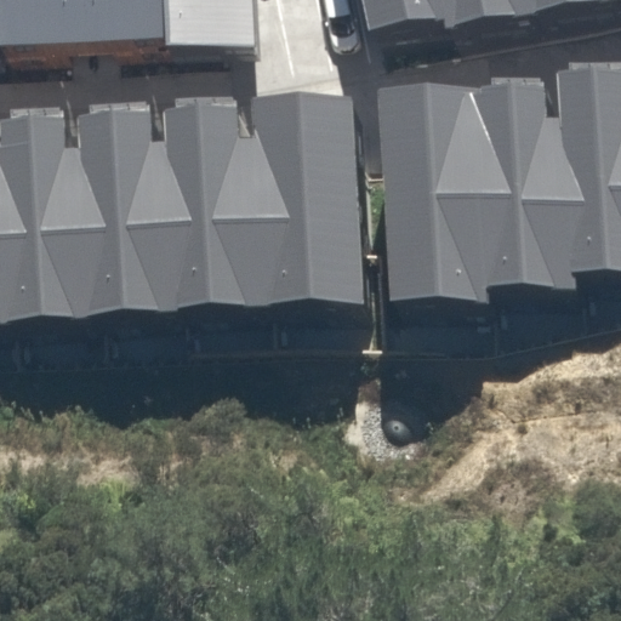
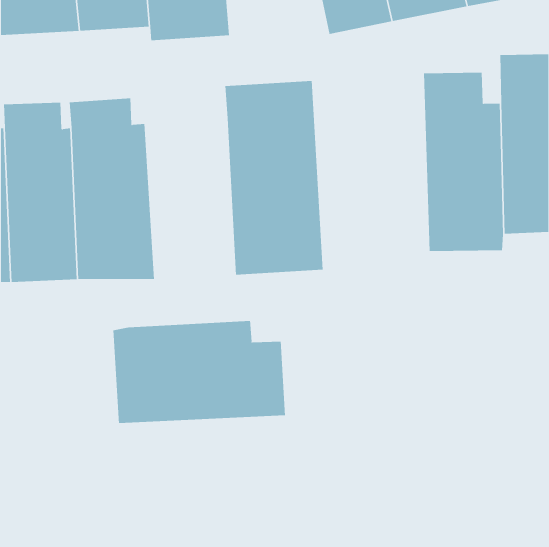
building: [378,82,484,302] -> none
building: [161,104,266,315] -> none
building: none -> [113,320,286,424]

